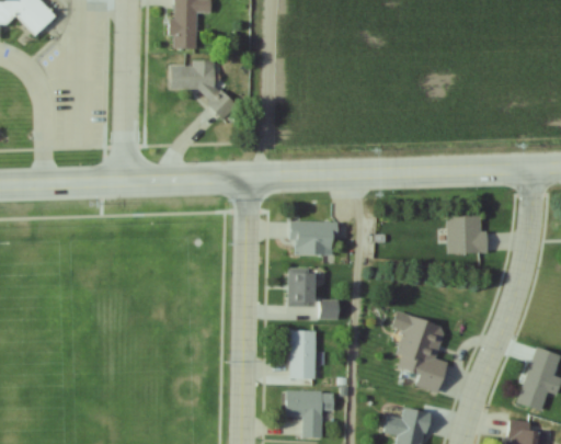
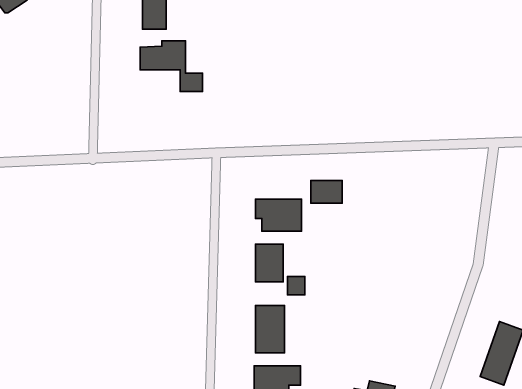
building: none -> [311,180,342,203]
building: [446,216,486,253] -> none
building: [391,311,447,392] -> none

